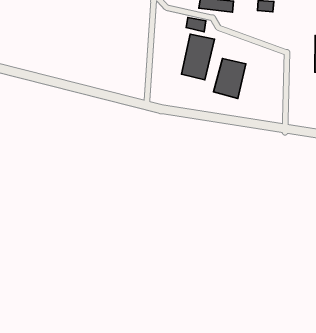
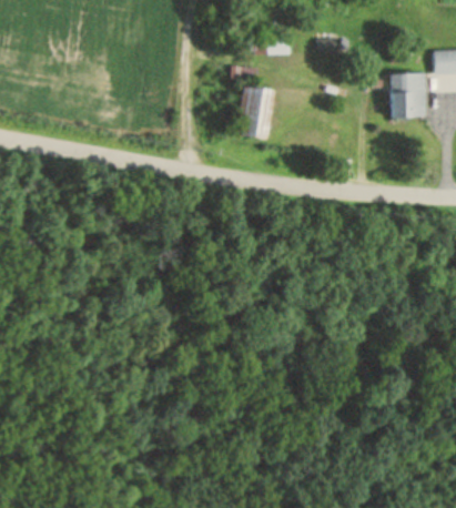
building: [214,58,246,98] -> none

